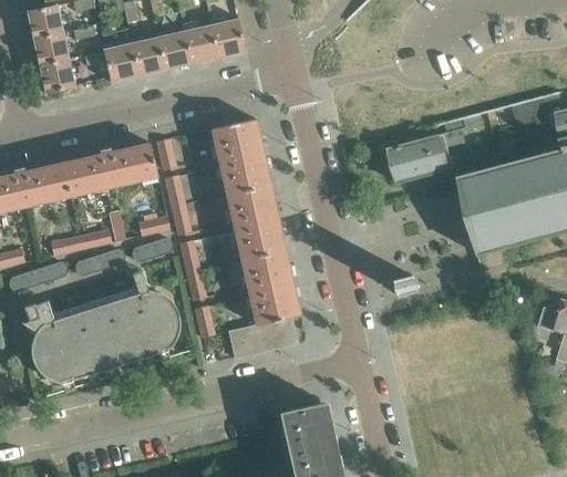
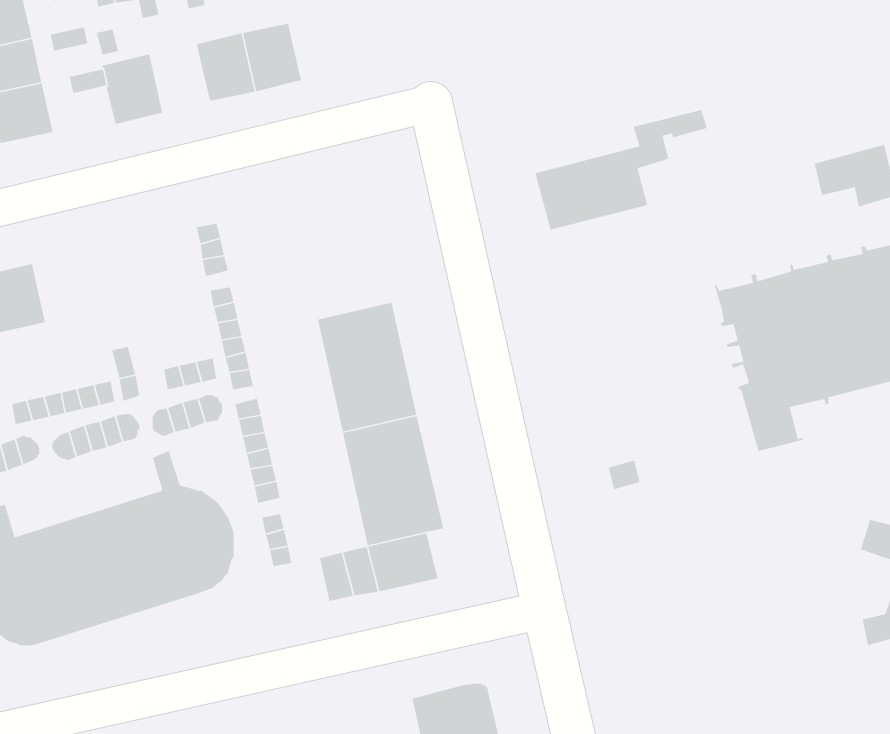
building: [210,17,246,56] -> none
building: [131,35,165,75] -> none
building: [386,112,486,182] -> [534,109,708,230]
building: [212,118,270,194] -> none
building: [63,142,158,196] -> none

